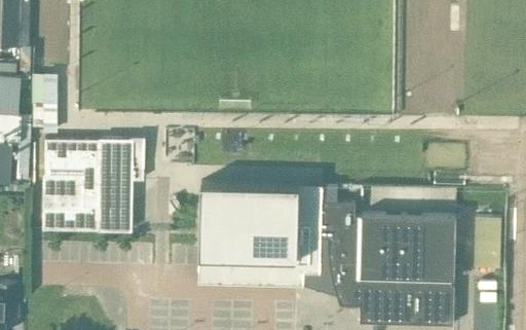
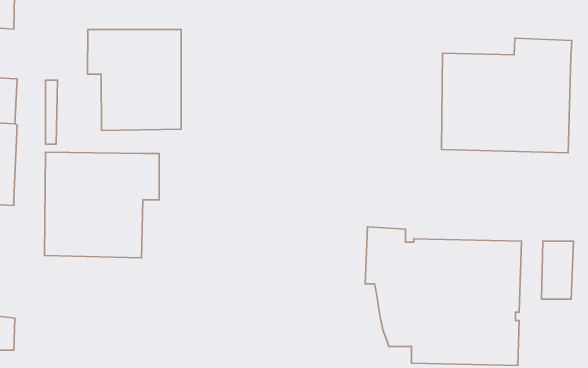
building: none -> [88,29,181,131]
building: none -> [441,38,572,153]
building: [198,184,335,289] -> none

